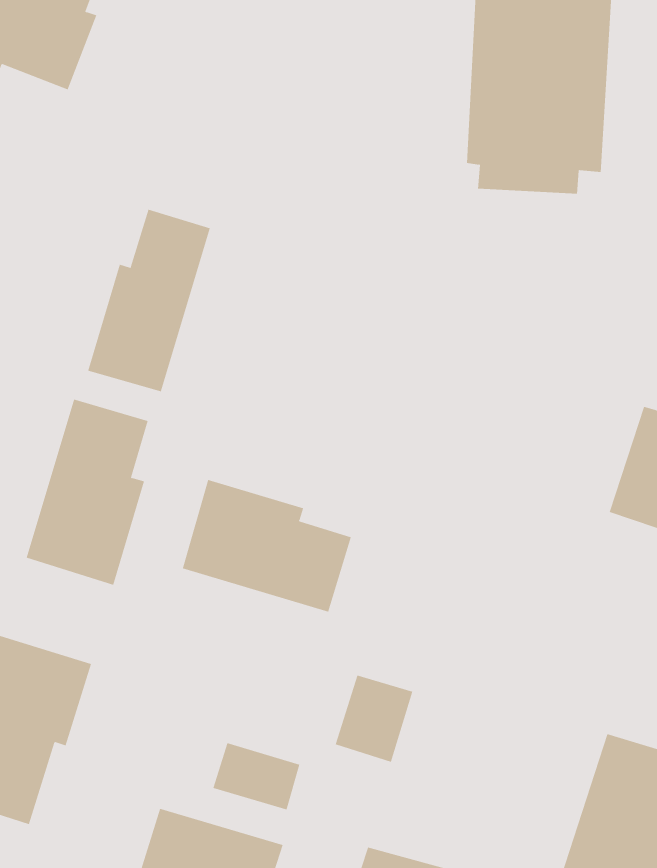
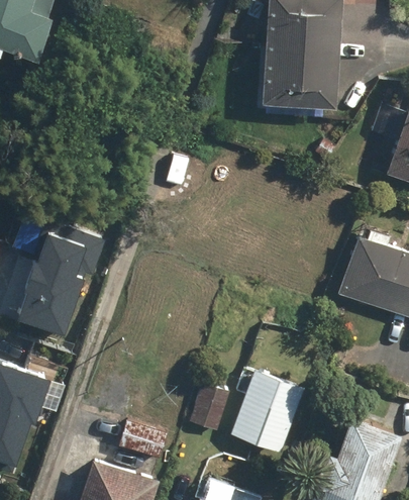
building: [87,209,210,392] -> none
building: [182,479,352,613] -> none
building: none -> [233,369,304,452]

